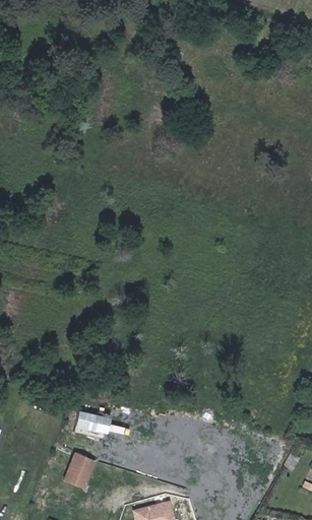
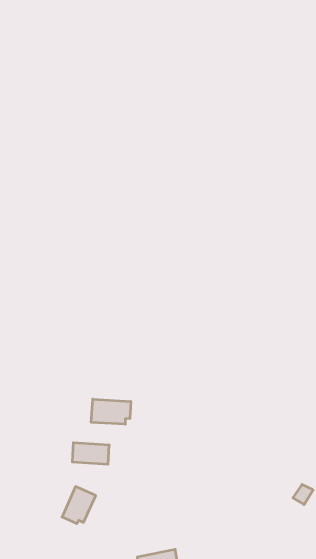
building: none -> [91,399,131,424]

